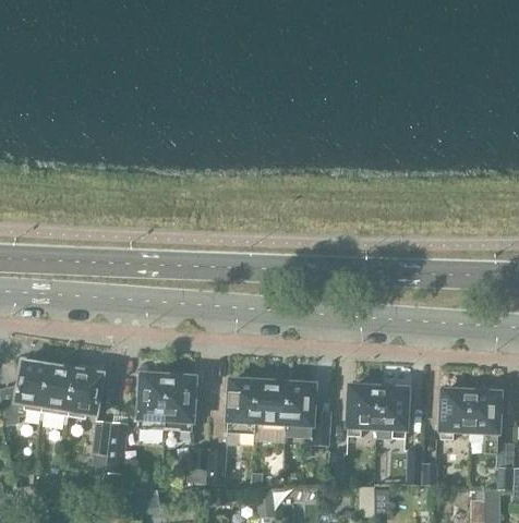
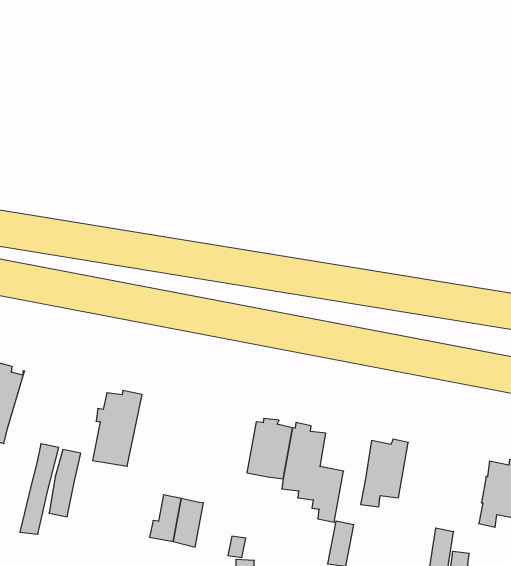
building: [69,366,104,416] -> none
building: [165,373,196,431] -> none
building: [225,377,260,445] -> none
building: [376,384,408,438] -> none

